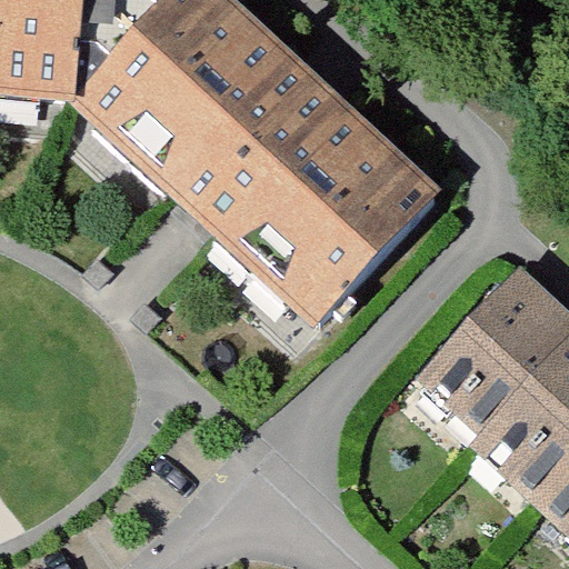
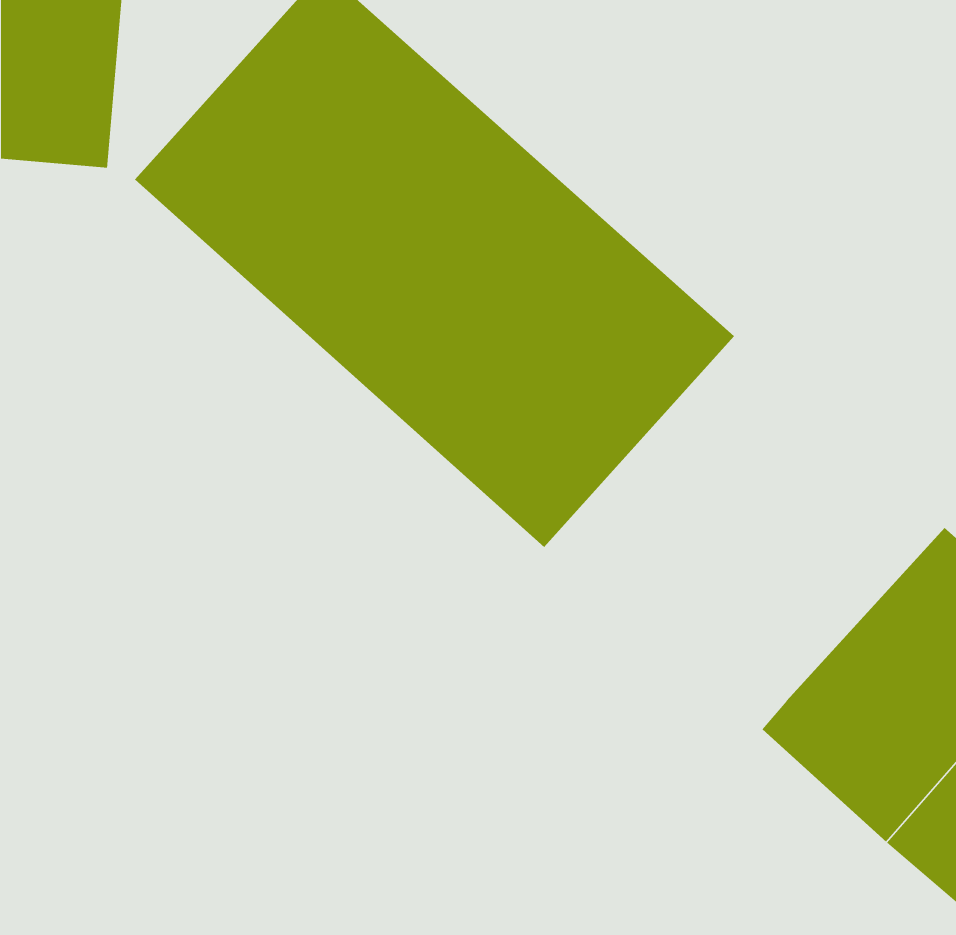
building: [406,253,561,412] -> none

